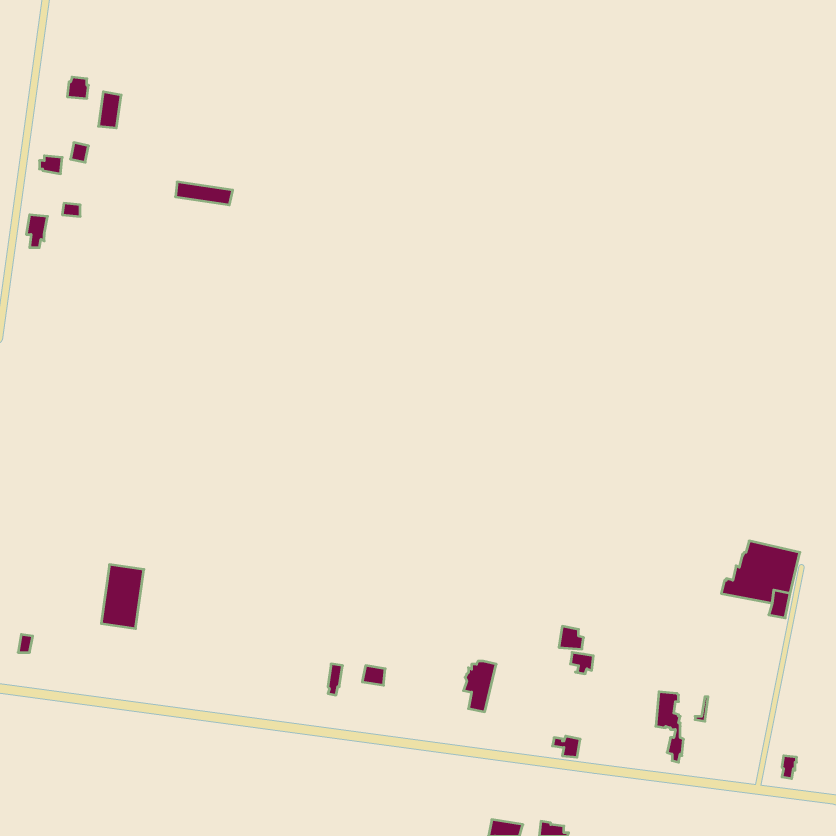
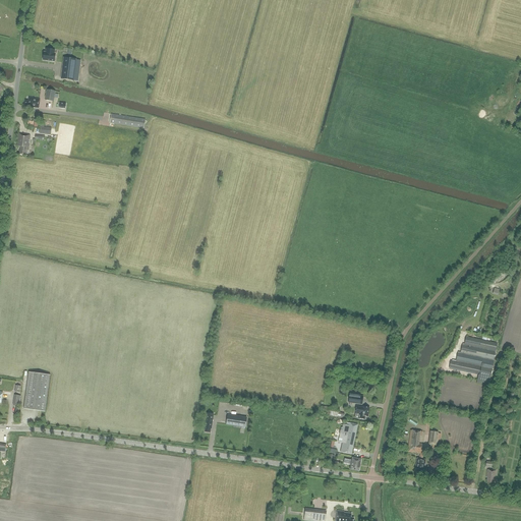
building: [101,565,144,629] -> [22,371,49,411]
building: [463,661,496,712] -> [337,422,357,454]

